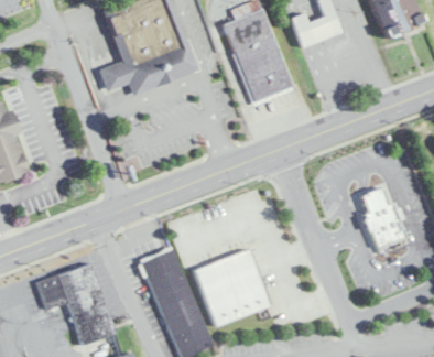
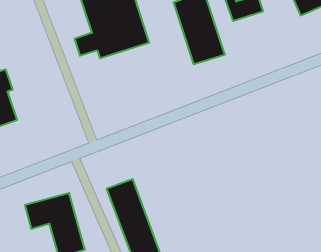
building: [357,187,405,249] -> none
building: [194,249,270,326] -> none

